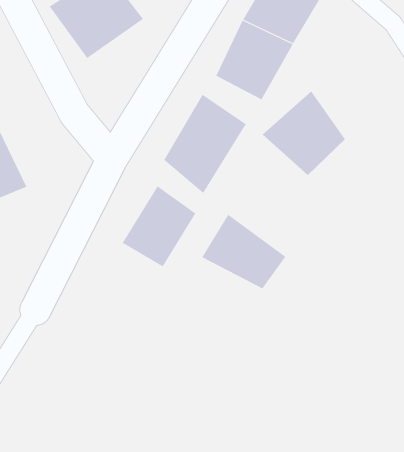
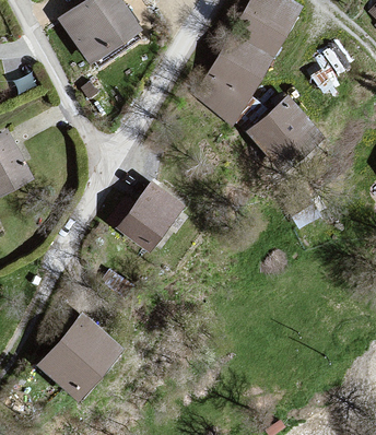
building: [164,94,246,194] -> none
building: [201,214,286,289] -> none
building: none -> [43,313,130,402]

